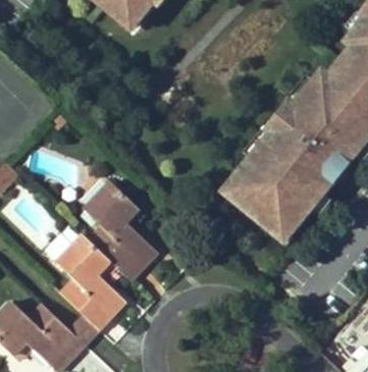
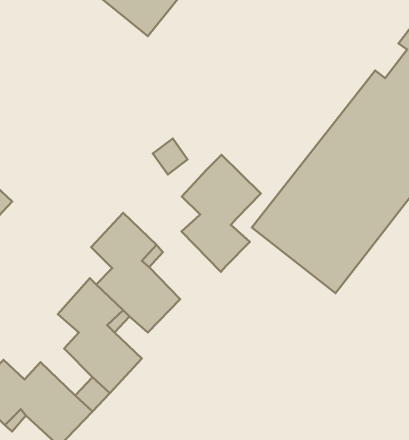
building: none -> [182,155,261,272]

